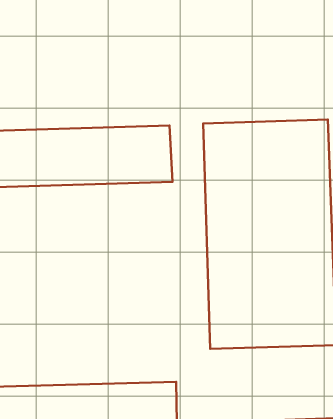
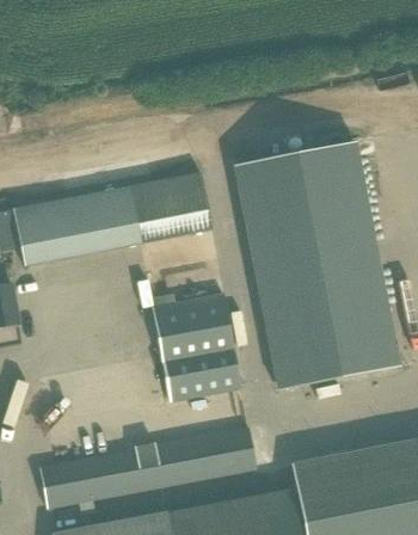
building: none -> [152,293,240,402]

